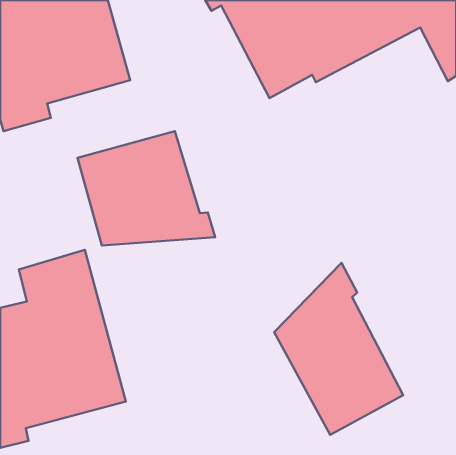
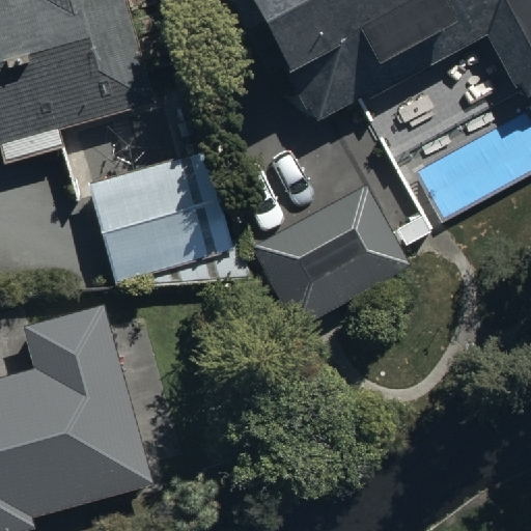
building: none -> [253,181,404,320]
building: [274,263,403,435] -> none

